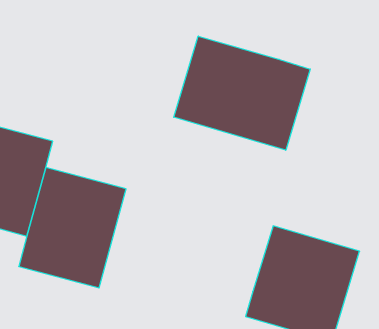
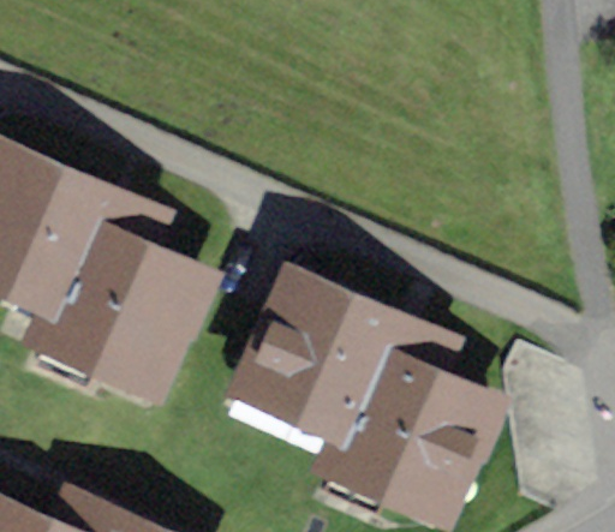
building: [174,36,310,150] -> none
building: none -> [244,268,410,432]

